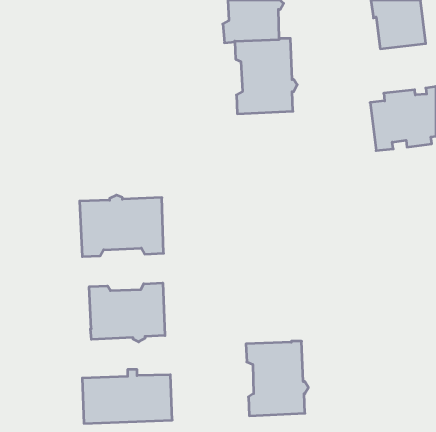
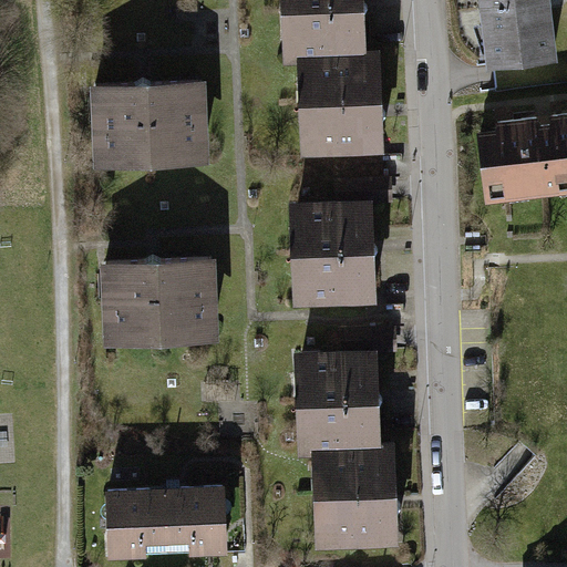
building: none -> [94,82,202,162]
building: none -> [296,184,382,303]
building: none -> [300,333,386,453]
building: [89,283,165,342] -> none

